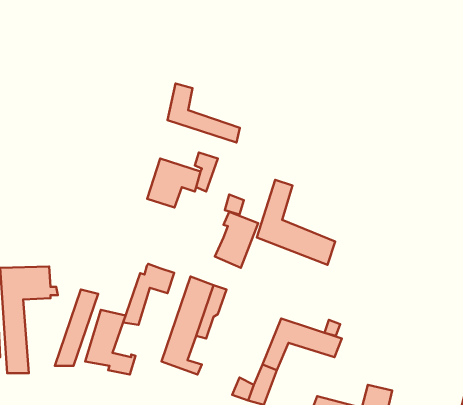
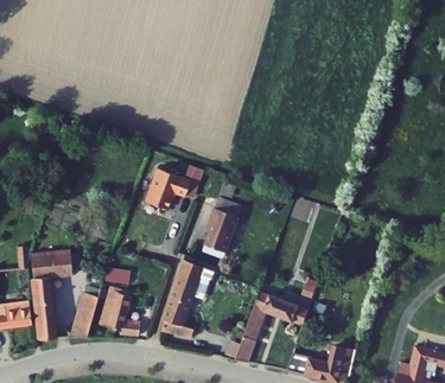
building: [168,83,240,142] -> none
building: [257,180,335,265] -> none
building: [123,264,174,325] -> none

